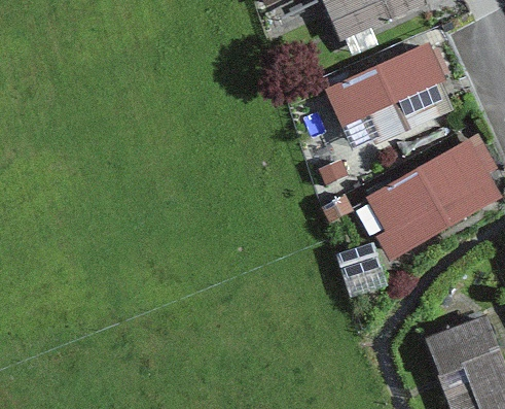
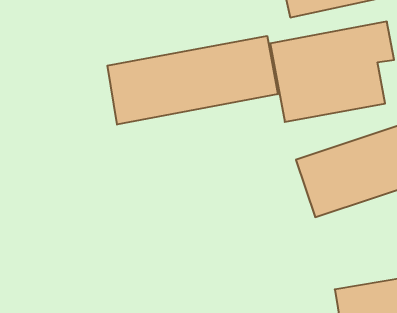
building: none -> [107,36,278,125]

